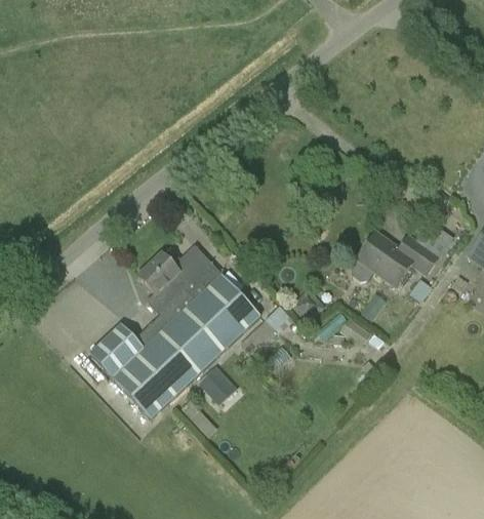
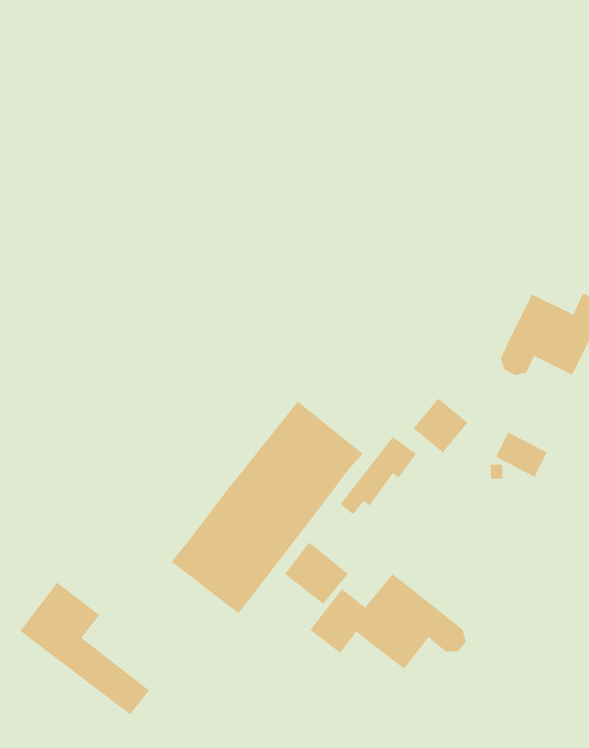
building: [139,246,223,325] -> none
building: [91,326,166,415] -> [20,582,150,715]
building: none -> [310,573,466,670]

